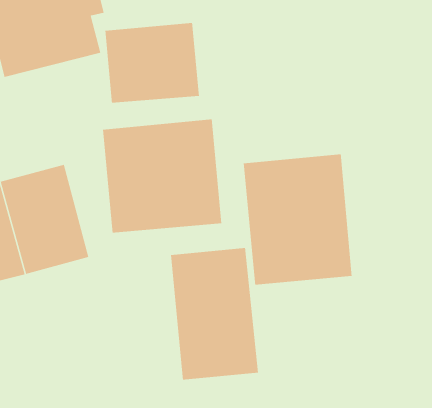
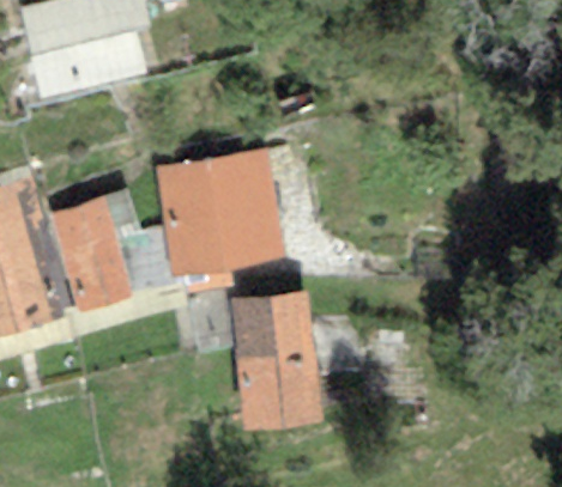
building: [105,22,199,103] -> none
building: [243,154,352,285] -> none

